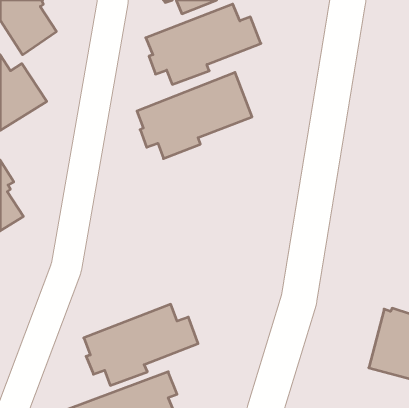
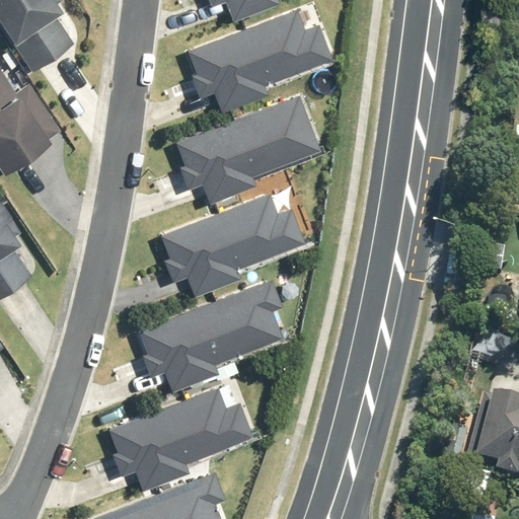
building: none -> [160,194,305,296]
building: none -> [138,280,283,390]

